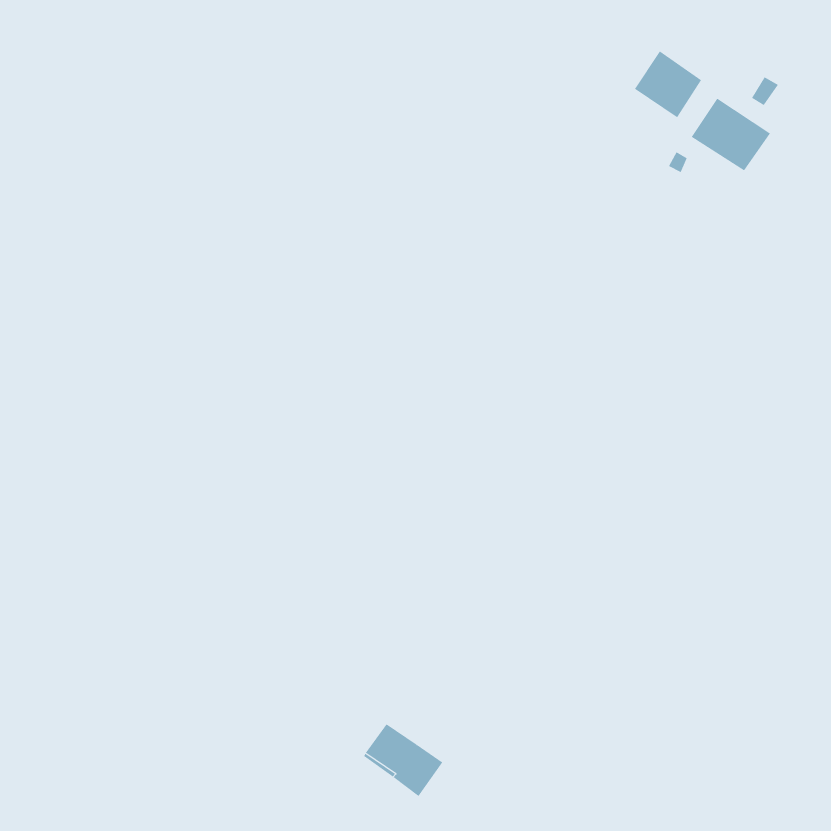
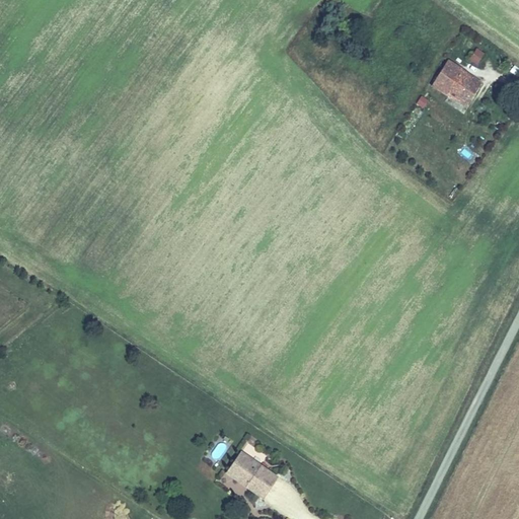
building: [634,50,702,118] -> none

